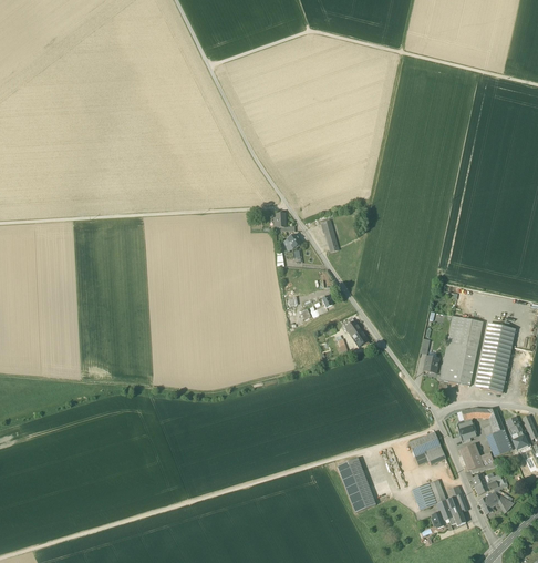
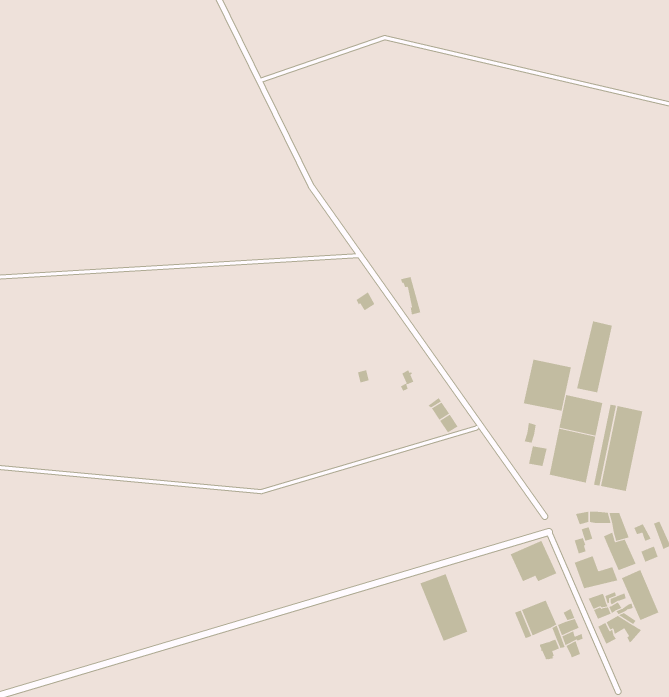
building: none -> [577,321,613,393]
building: none -> [523,359,572,412]
building: none -> [621,569,659,621]

